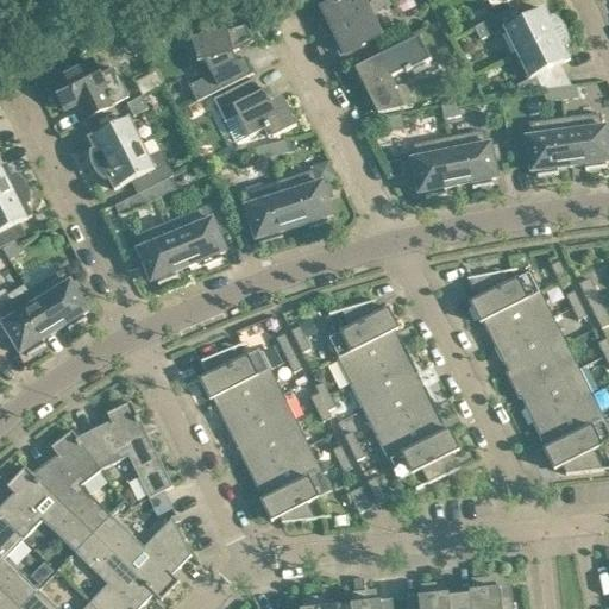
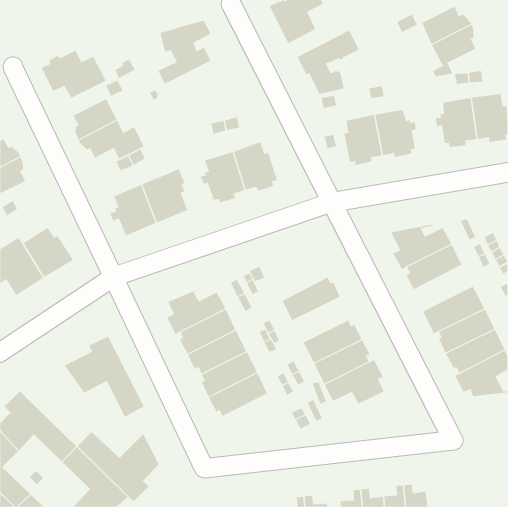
building: [213,79,295,137] -> none
building: [326,300,397,359] -> none
building: [494,316,565,369] -> none
building: [349,354,416,409] -> none
building: [31,431,109,533] -> none
building: [259,470,331,522] -> none

